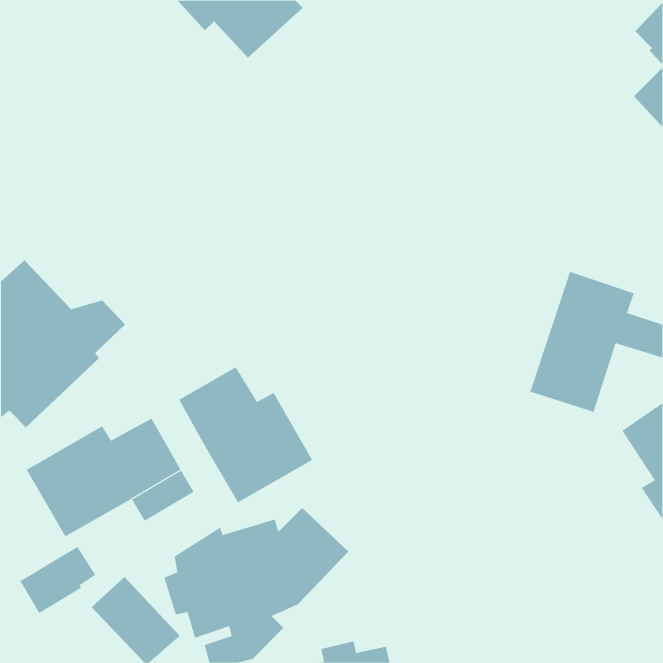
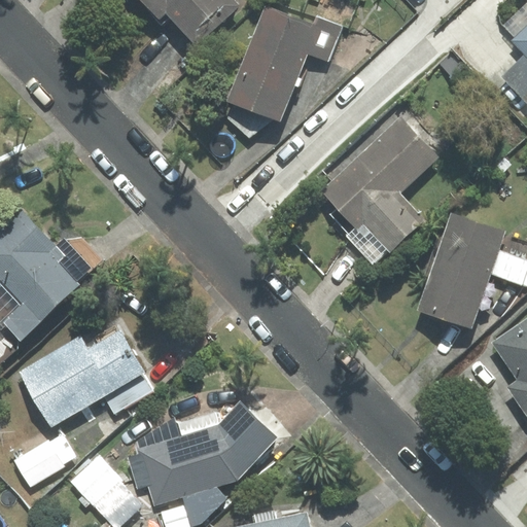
building: none -> [227,5,342,121]
building: none -> [322,117,438,264]
building: [178,366,313,503] -> none

